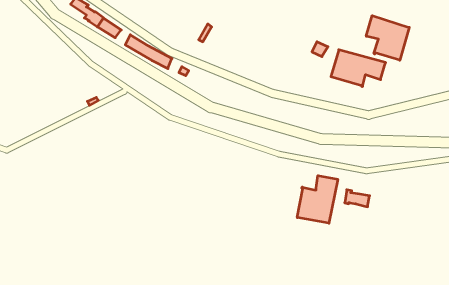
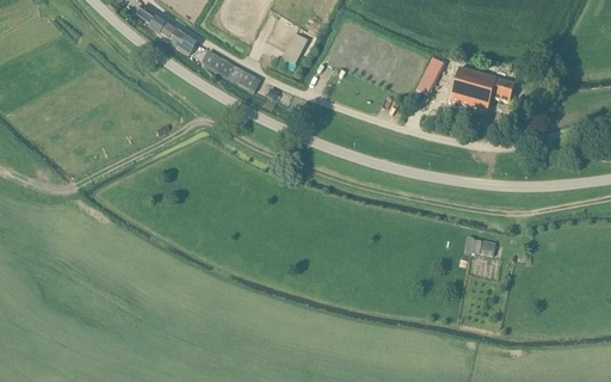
building: [366,16,409,60] -> none
building: [297,176,338,223] -> none

